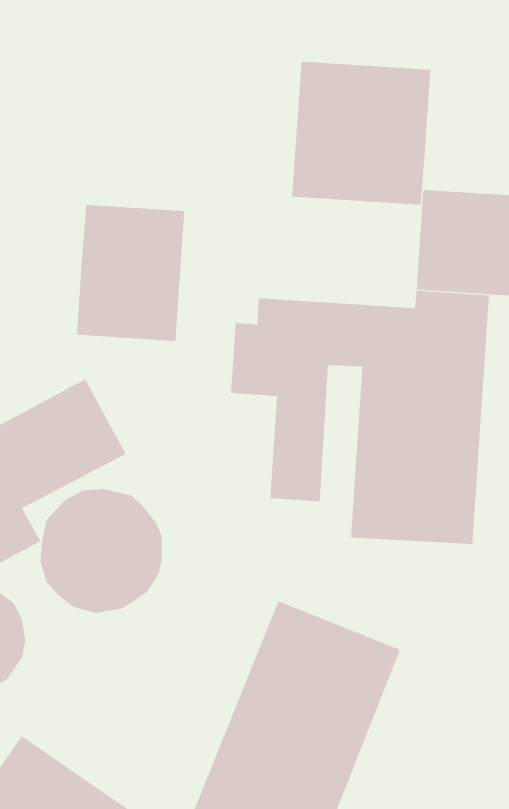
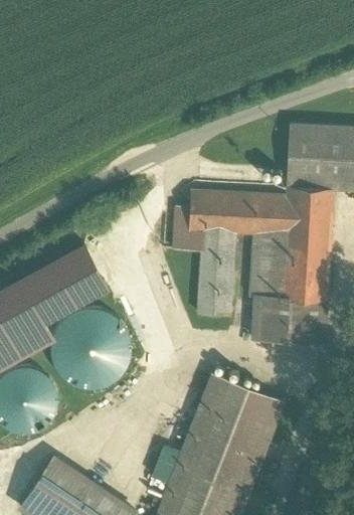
building: [292,61,431,206] -> none
building: [77,204,185,342] -> none

